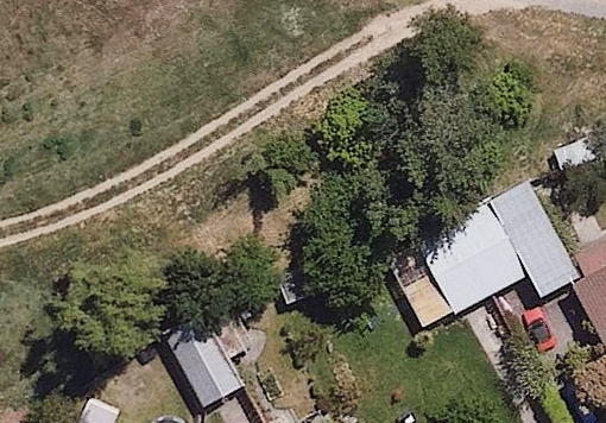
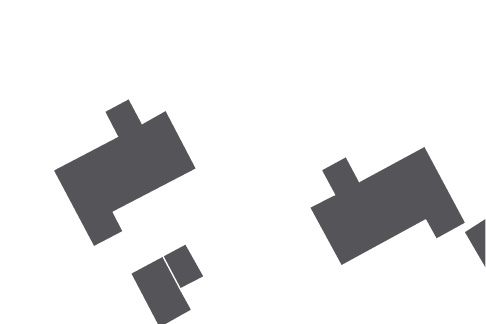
building: none -> [53,99,197,247]

